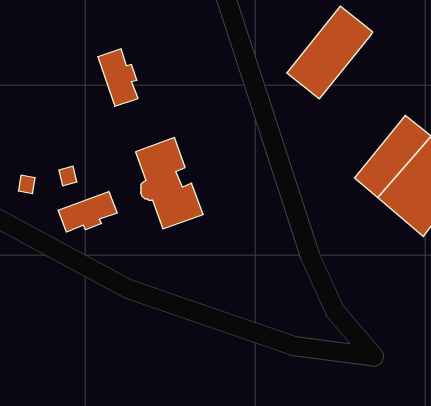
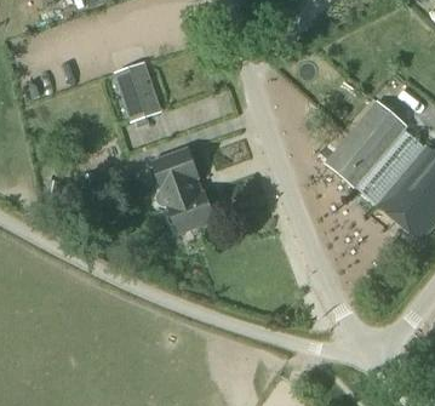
building: [287,6,373,99] -> [326,99,406,185]
building: [58,191,117,232] -> none

